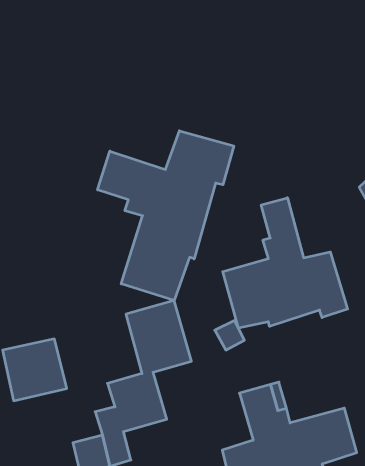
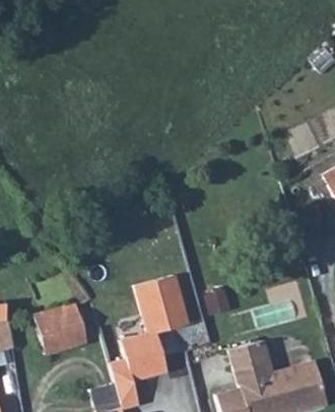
building: [98,131,234,301] -> none
building: [223,198,348,328] -> none

